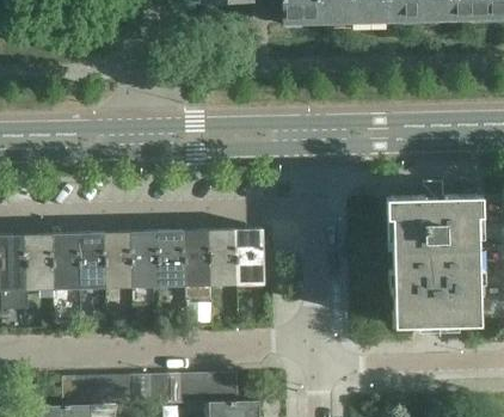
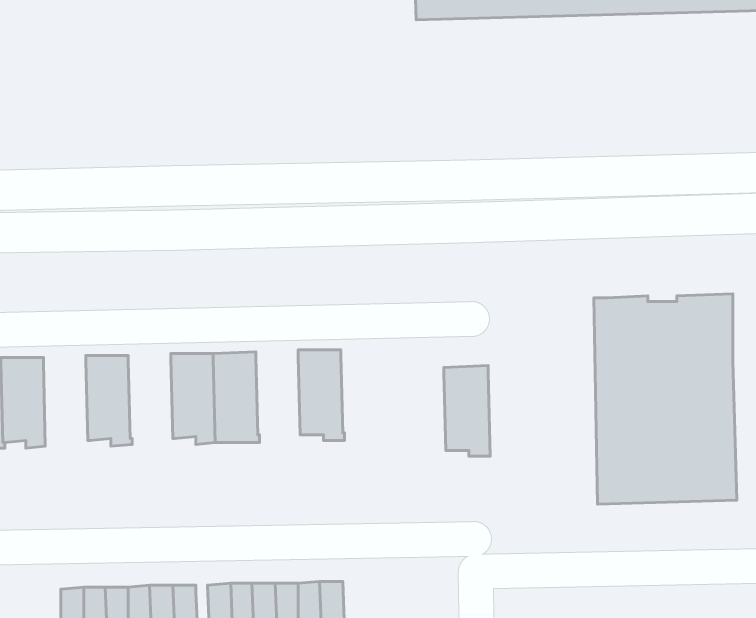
building: [235,228,264,284] -> [444,365,490,456]
building: [183,229,211,286] -> none
building: [104,232,133,288] -> none
building: [51,233,80,289] -> none

